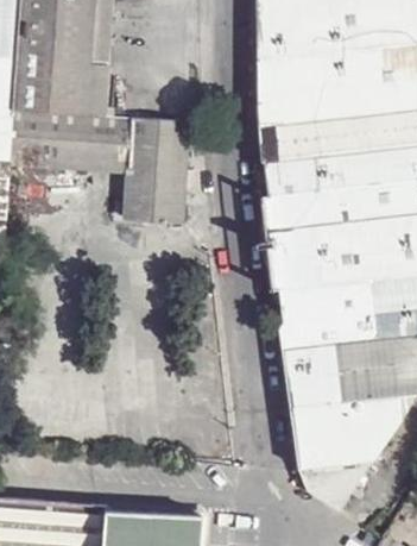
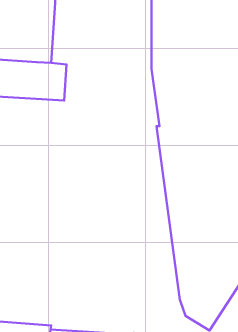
building: [124,118,189,221] -> none

